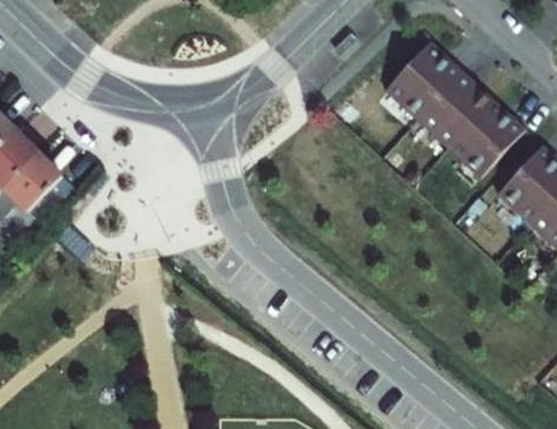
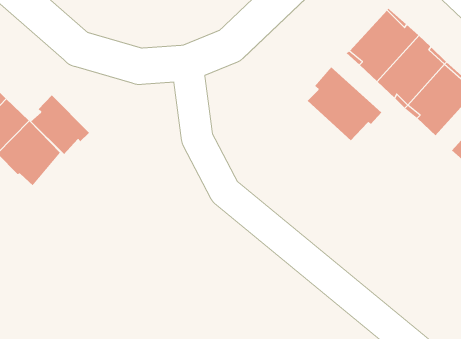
building: none -> [307,66,382,141]
building: none -> [30,95,90,155]

